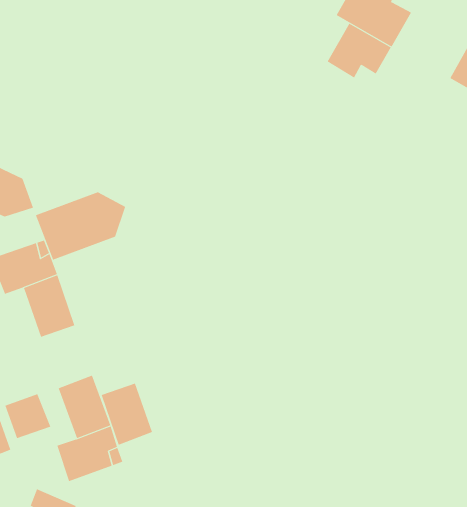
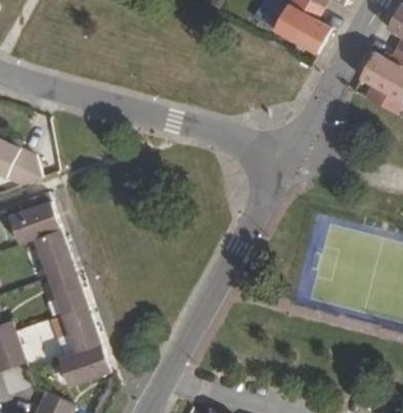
building: [327,23,391,78] -> none
building: [35,191,126,261] -> none
building: [101,383,153,445] -> [47,267,87,315]

